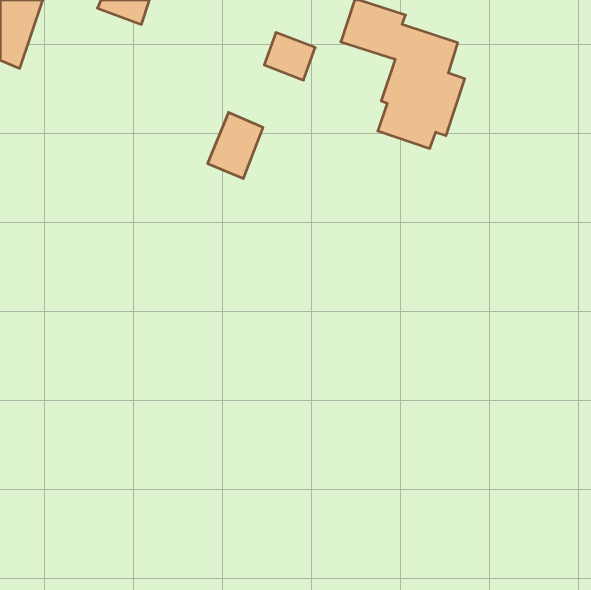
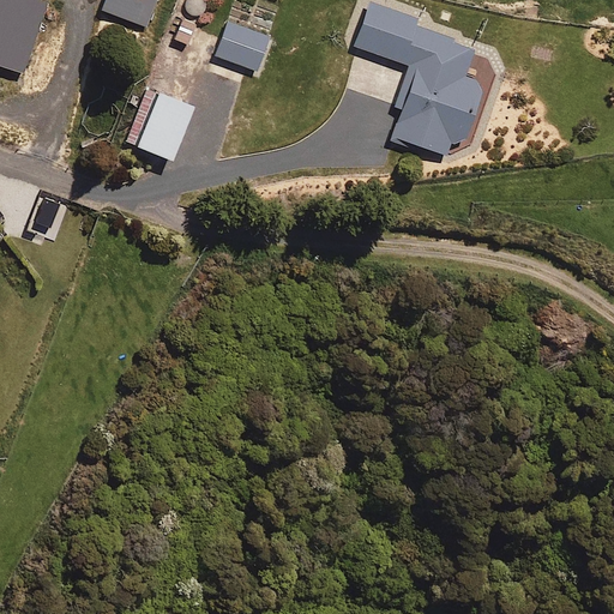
building: [264,33,315,80] -> [216,22,269,71]
building: [208,112,263,179] -> [134,90,192,158]

